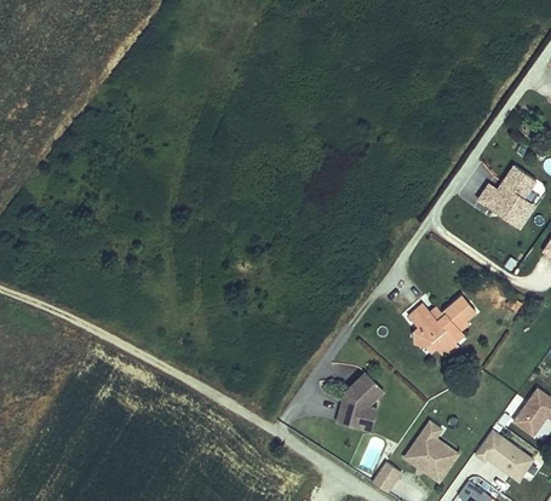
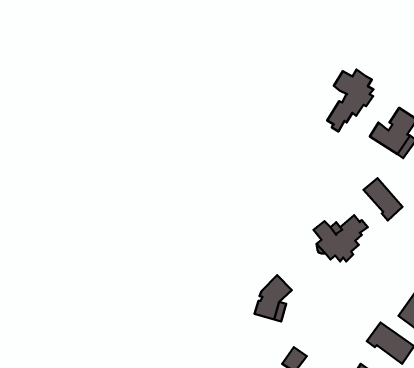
building: none -> [327,70,373,132]
building: none -> [363,178,403,220]
building: [404,418,460,480] -> none

